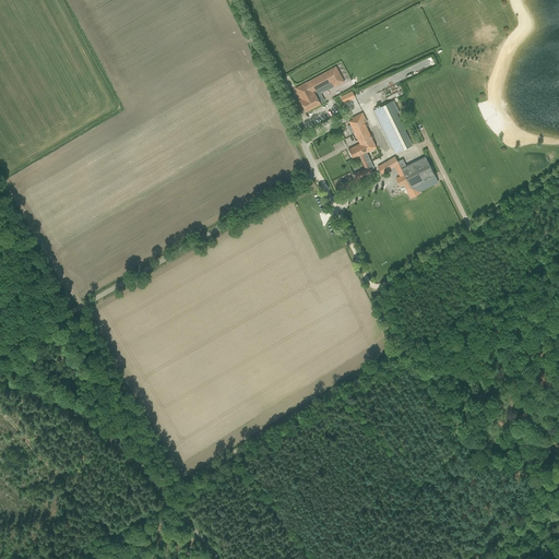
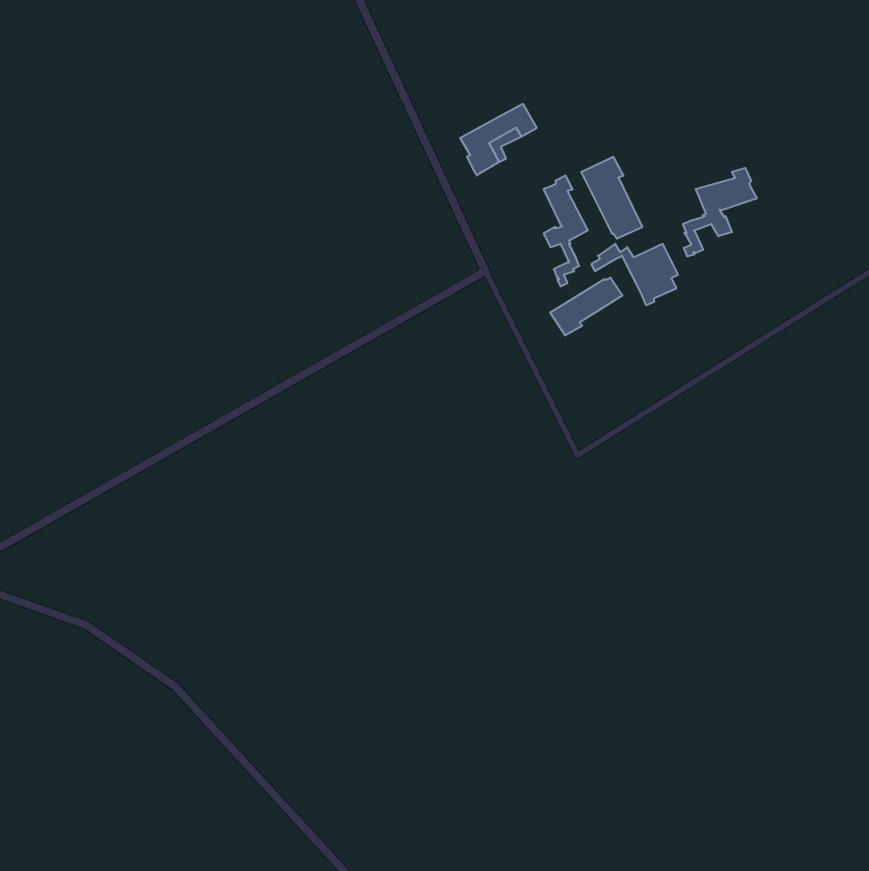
building: none -> [683,168,757,257]
building: none -> [550,277,623,336]

